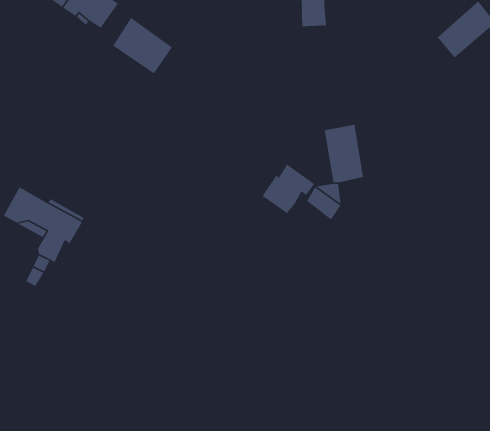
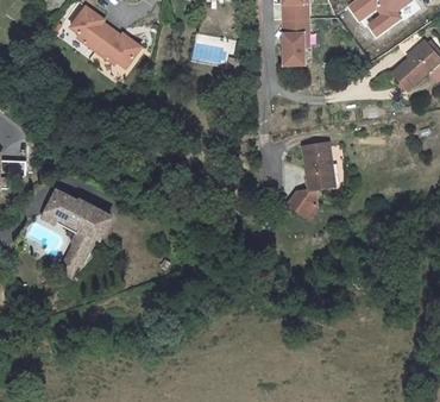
building: [112,17,173,74] -> none
building: [262,163,315,214] -> none

